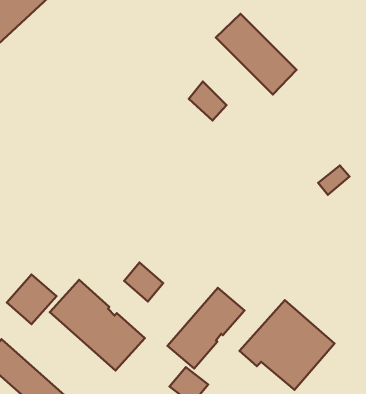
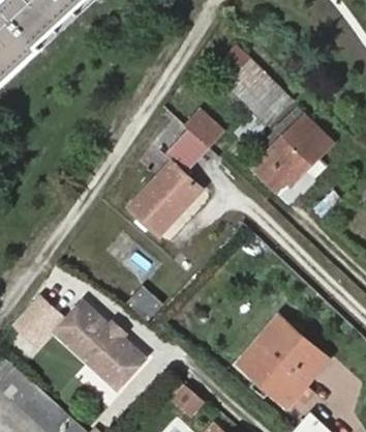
building: none -> [255,118,332,193]
building: none -> [130,121,205,233]
building: [167,288,244,369] -> none

